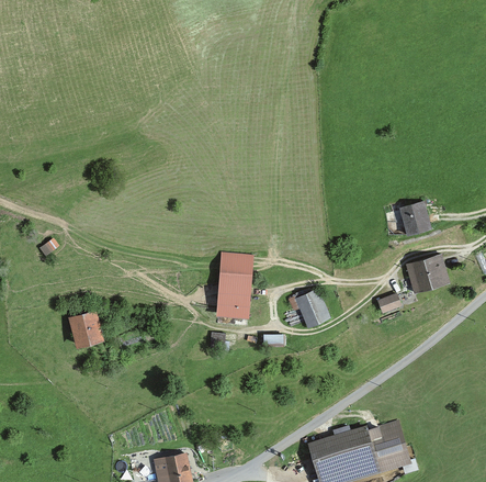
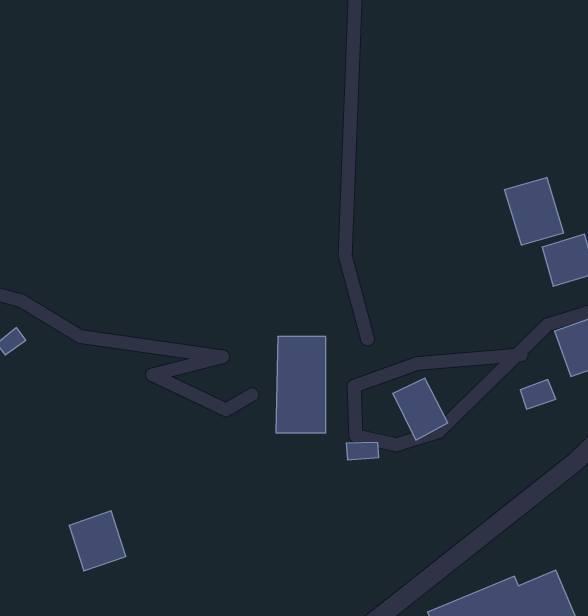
building: none -> [505,177,564,245]
building: [69,312,105,350] -> [69,511,126,571]

